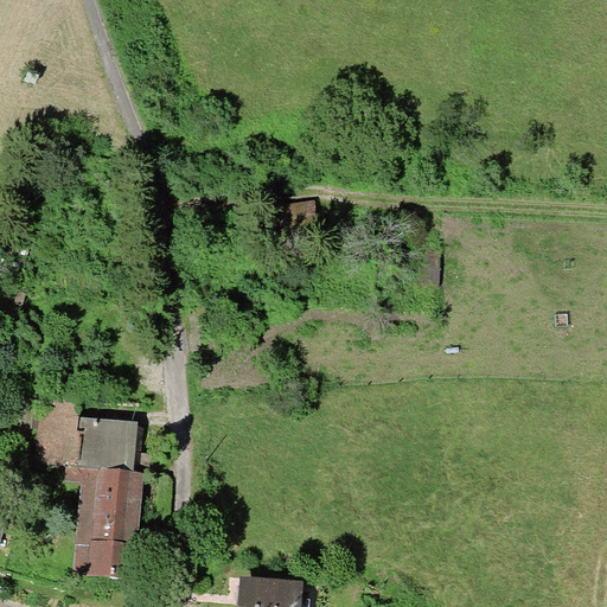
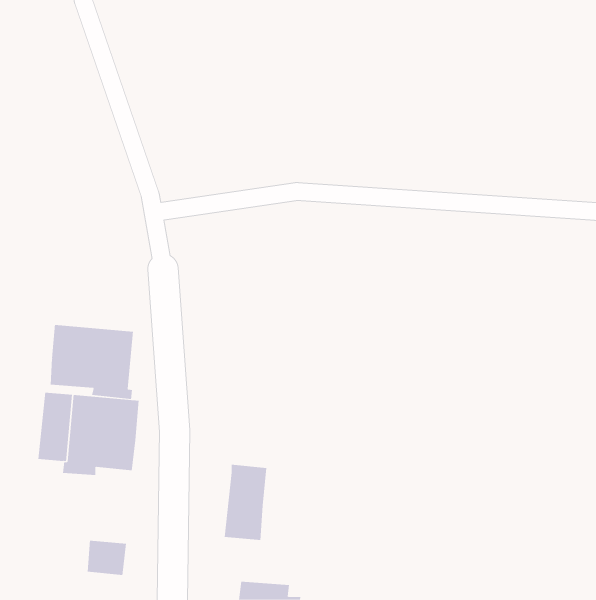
building: none -> [50,324,133,400]
building: [90,472,134,549] -> [224,464,267,541]

